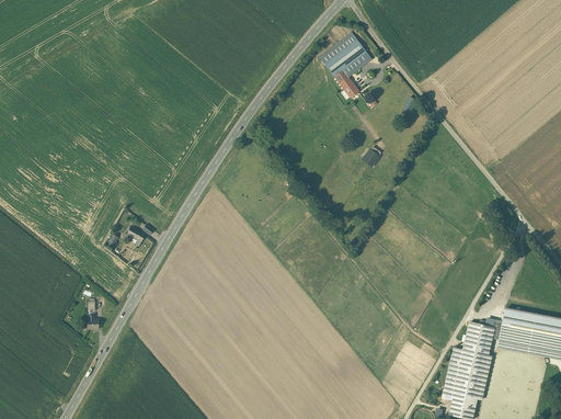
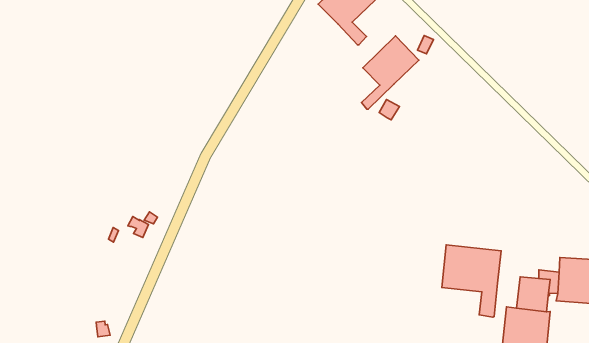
building: none -> [362,36,419,109]
building: none -> [442,245,501,317]

